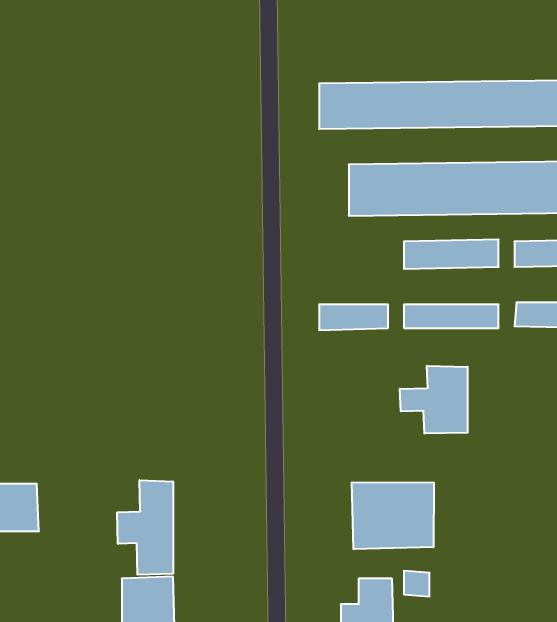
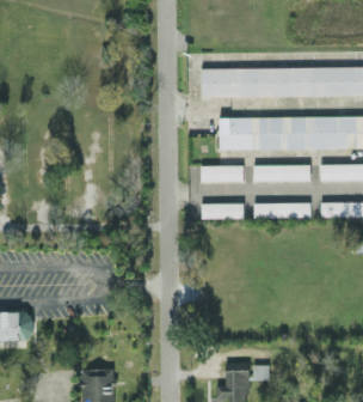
building: none -> [199,165,242,182]
building: [400,366,468,434] -> none
building: [117,480,173,575] -> none
building: [352,482,434,549] -> none

